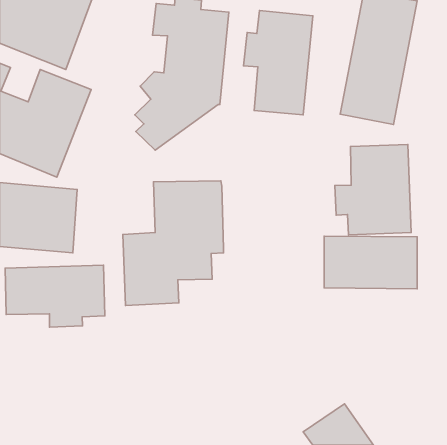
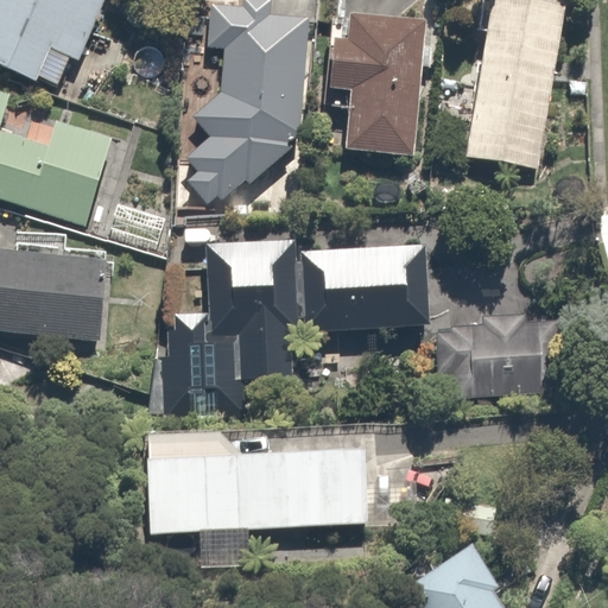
building: [335,145,411,235] -> none
building: none -> [300,251,426,336]
building: [5,265,105,327] -> none
building: none -> [144,429,387,526]

